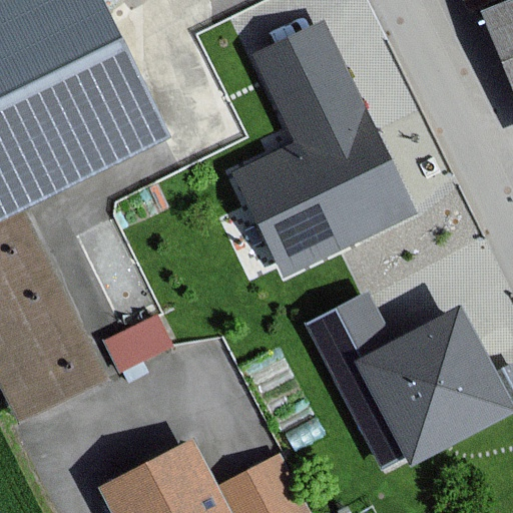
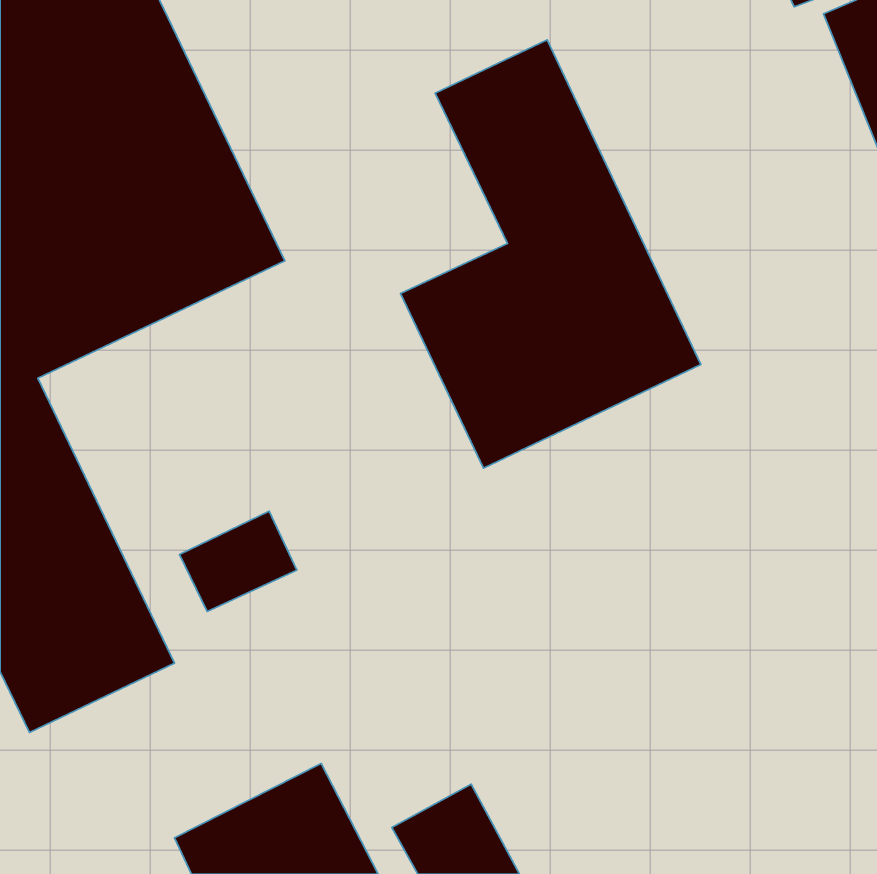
building: [307,290,508,465] -> none

